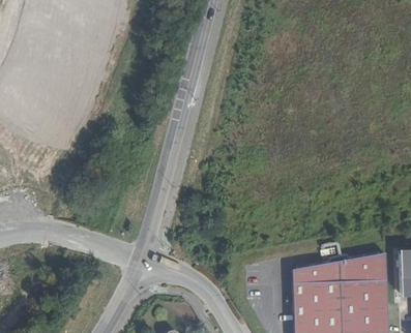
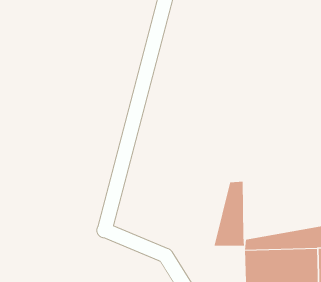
building: none -> [214,181,244,247]

